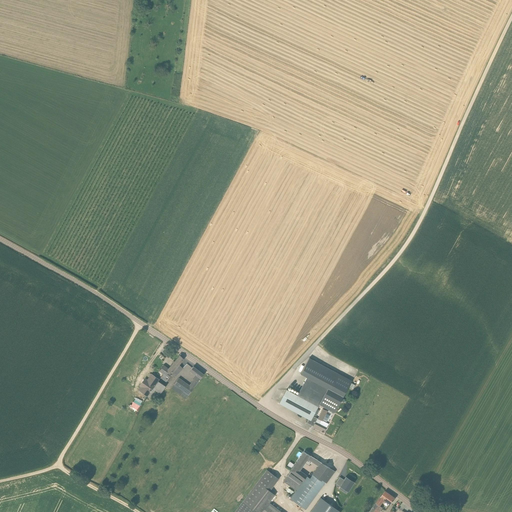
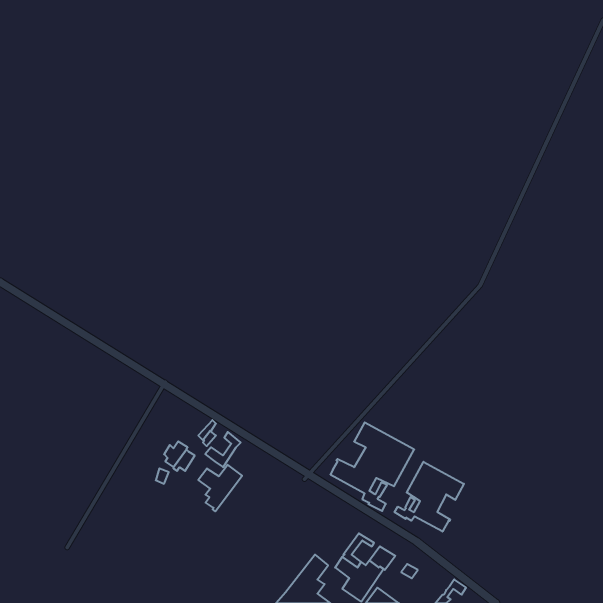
building: none -> [395,462,464,532]
building: none -> [198,465,242,511]

